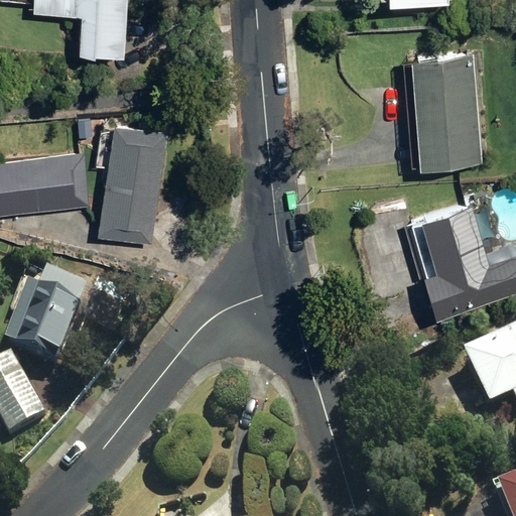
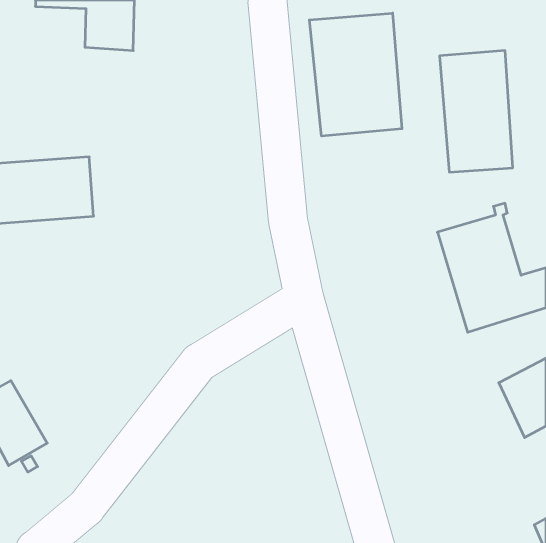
building: none -> [309,13,402,136]
building: [98,125,166,244] -> none
building: [6,280,86,373] -> none

